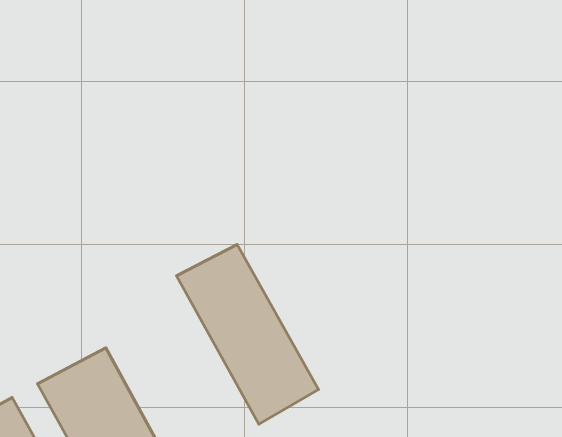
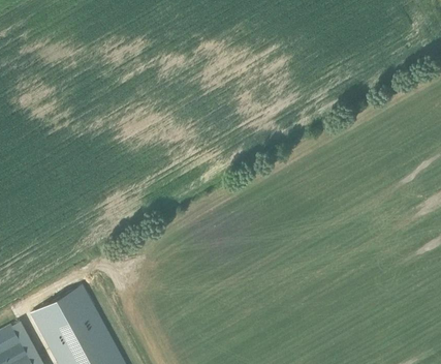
building: [177,245,318,424] -> none

